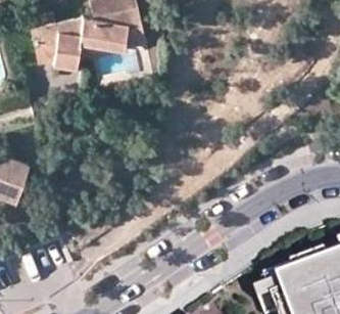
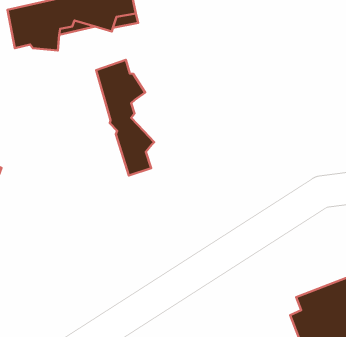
building: none -> [96,60,154,175]

